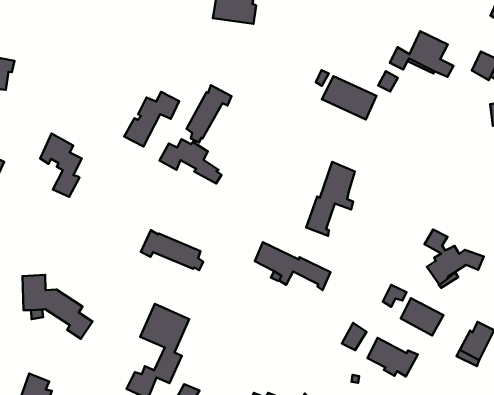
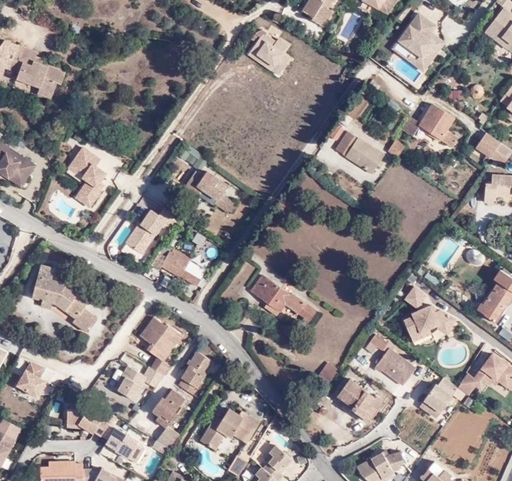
building: [186,85,232,143] -> none
building: [124,92,179,147] -> [124,206,179,253]
building: [306,162,355,236] -> none
building: none -> [176,353,207,395]

